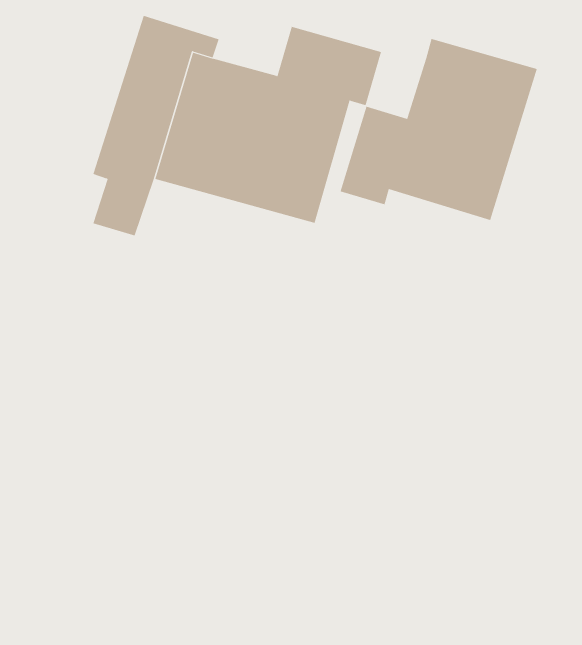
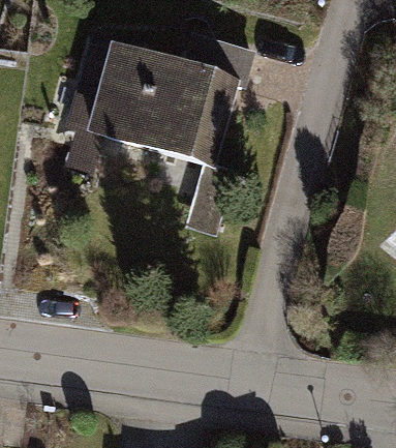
building: [340,38,538,221] -> none

